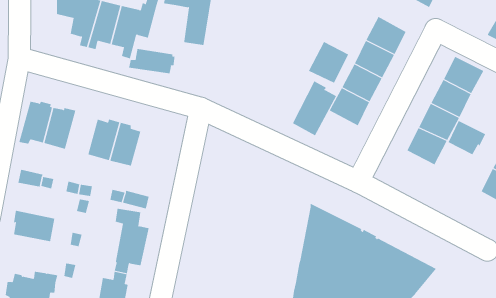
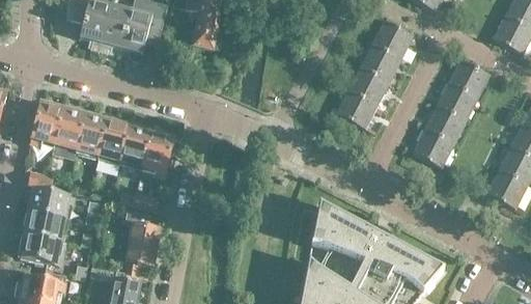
building: [308,41,349,84] -> none
building: [128,48,175,74] -> none
building: [292,80,337,136] -> none
building: none -> [76,112,107,156]
building: [448,120,486,155] -> none
building: none -> [140,130,174,177]
building: none -> [26,189,76,219]
building: none -> [19,234,66,265]

